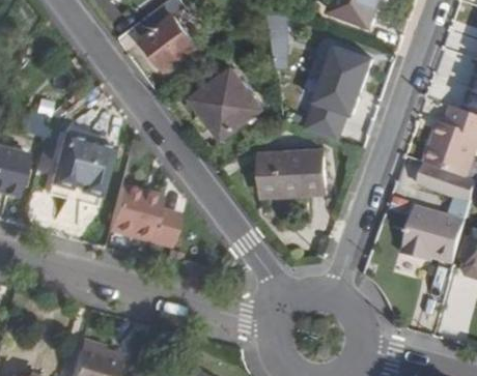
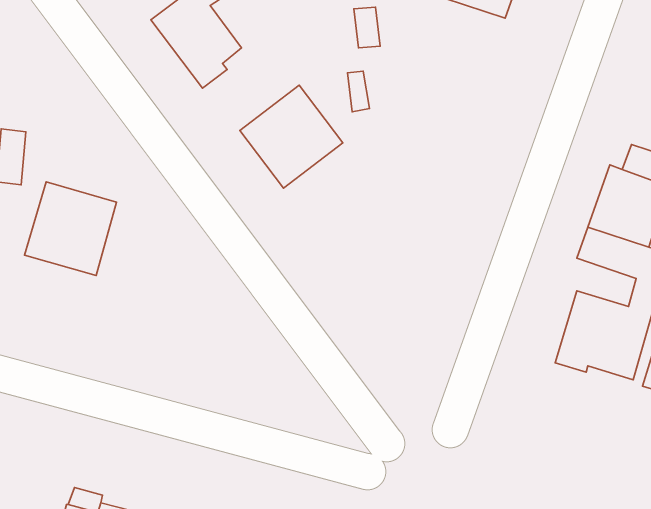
building: [307,47,372,137] -> none
building: [261,149,325,195] -> none
building: [106,183,176,241] -> none

